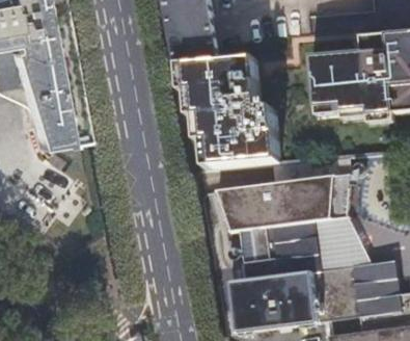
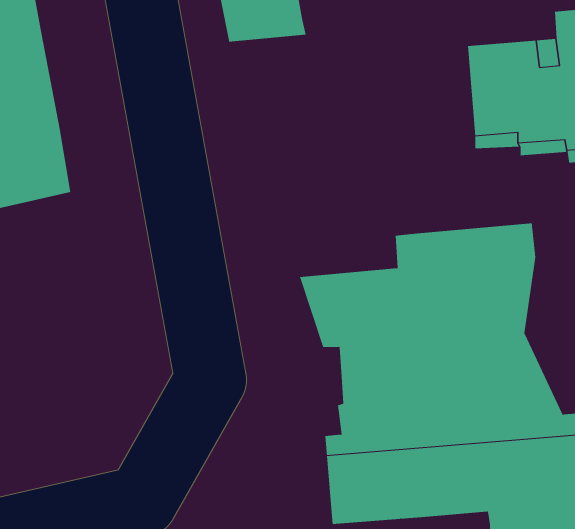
building: [171,46,277,165] -> none

